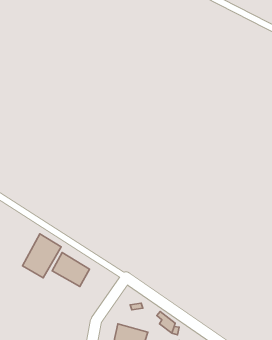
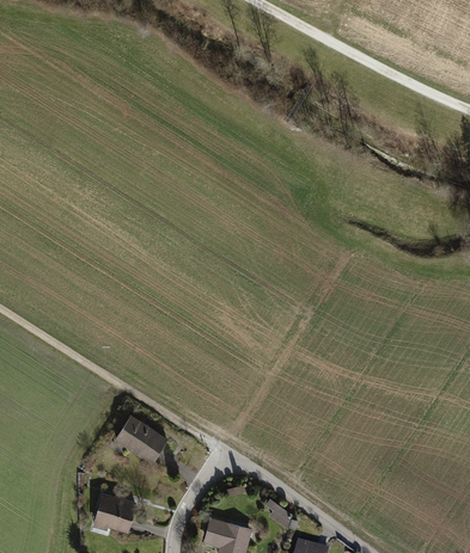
building: [22,234,61,278] -> none
building: none -> [93,493,138,533]

